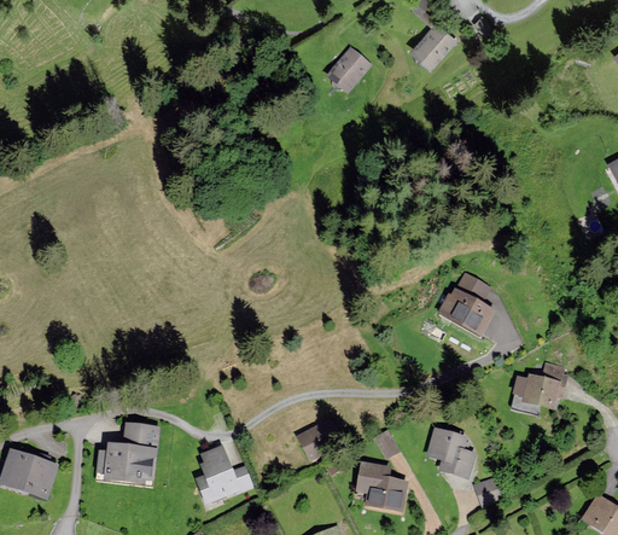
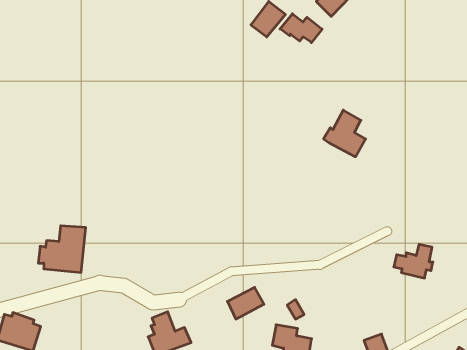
building: none -> [280,14,322,43]
building: [438,272,492,332] -> [324,110,366,157]
building: [95,426,157,487] -> [38,226,86,272]
building: [427,430,474,478] -> none

